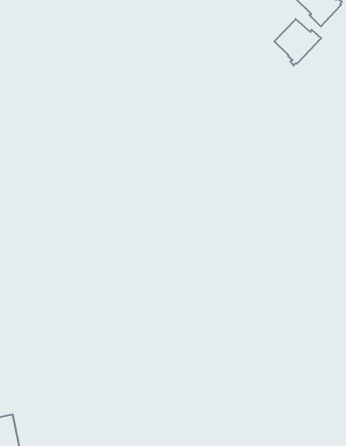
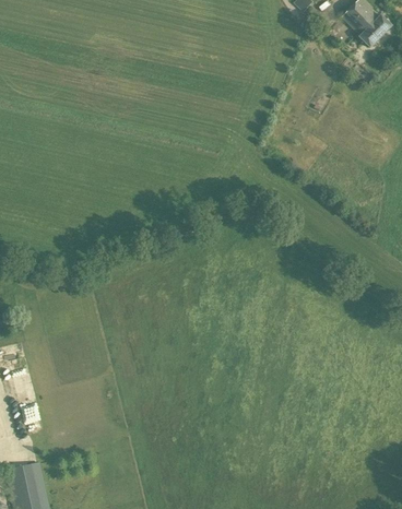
building: [275,19,321,66] -> none

